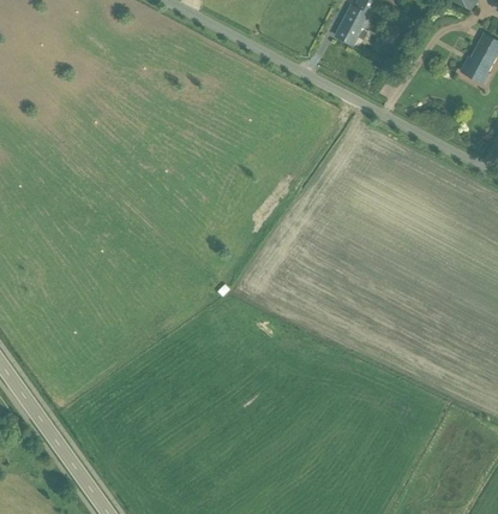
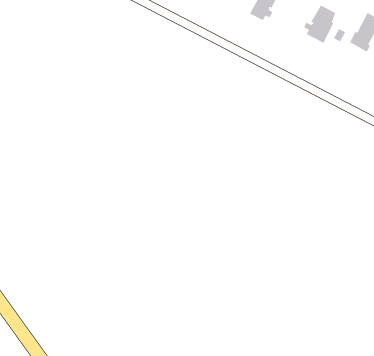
building: none -> [303,4,336,44]

